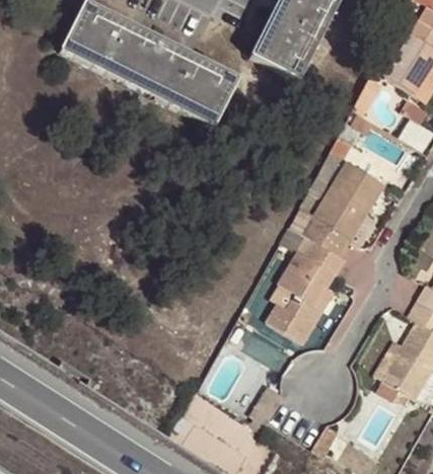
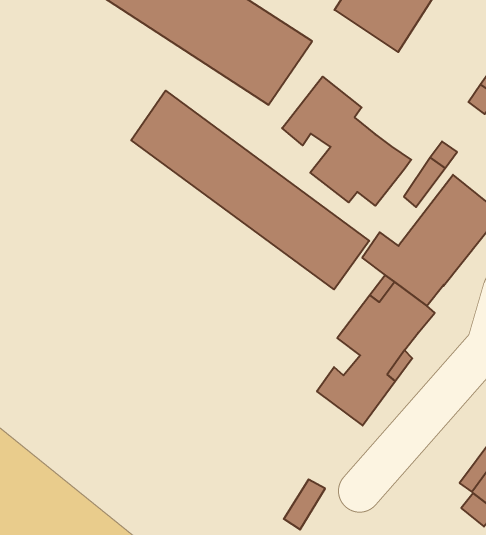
building: none -> [282,77,411,206]
building: none -> [131,91,369,289]

